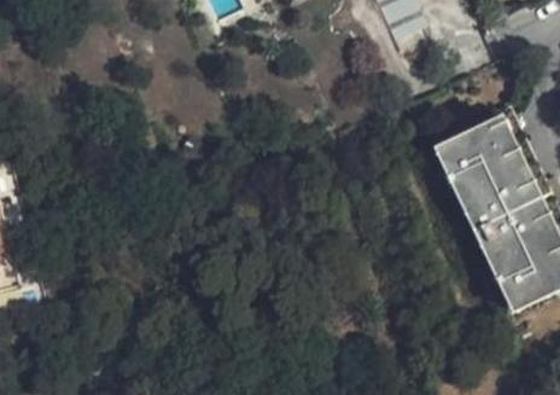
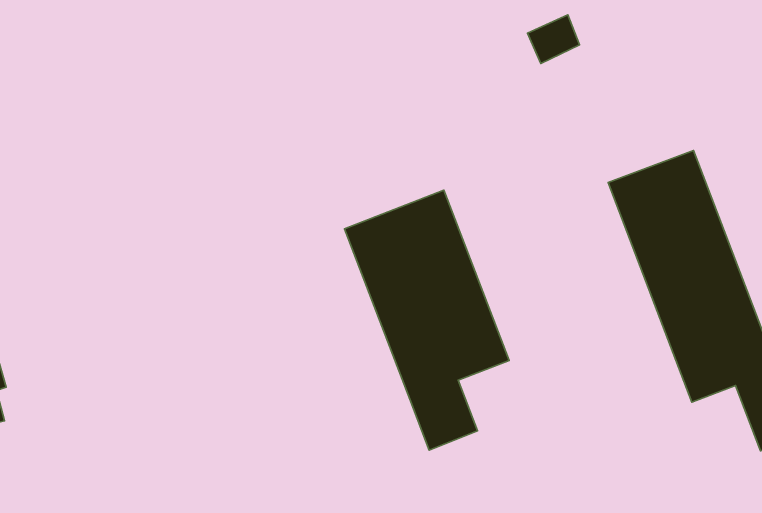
building: none -> [345,190,509,450]

